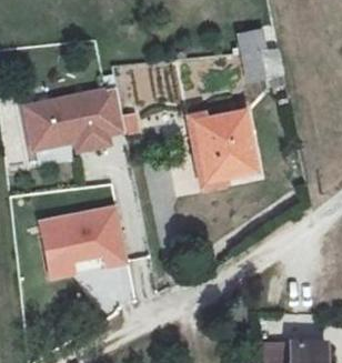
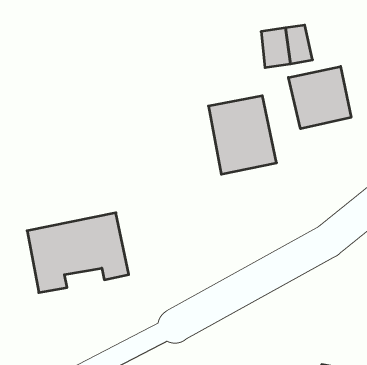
building: none -> [288,66,351,129]
building: [23,87,122,148] -> none

